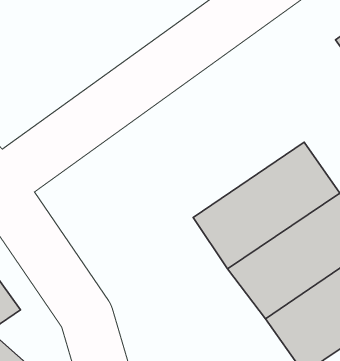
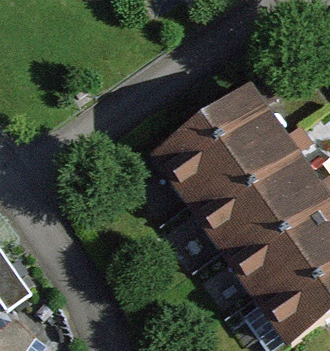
building: none -> [154,87,288,205]

